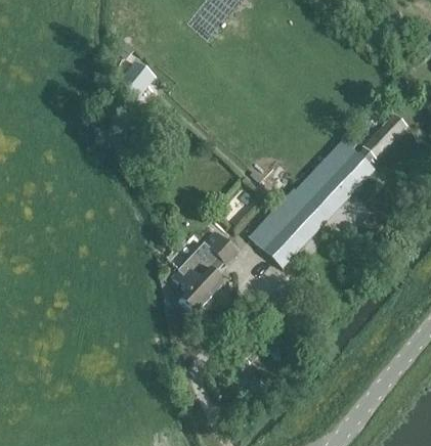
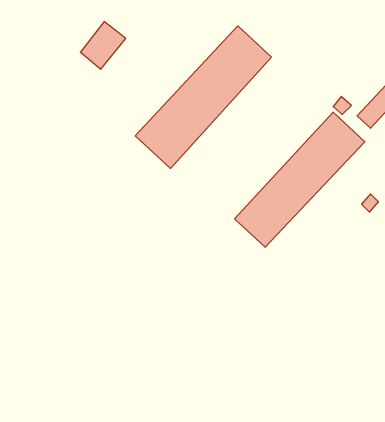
building: none -> [135,26,271,168]
building: [173,229,238,311] -> none

